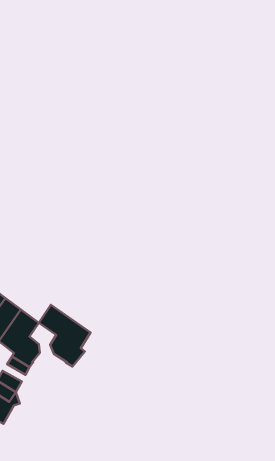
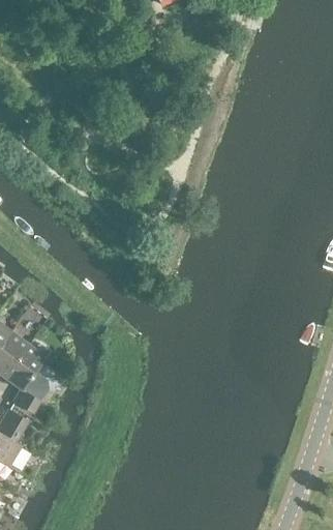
building: [39,305,90,366] -> none

